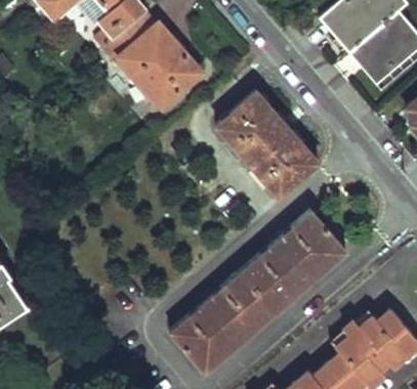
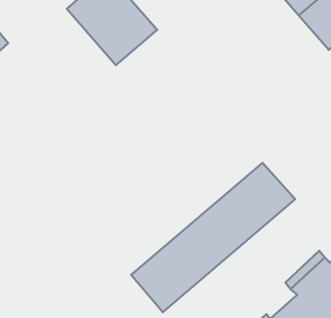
building: [217,91,318,196] -> none

